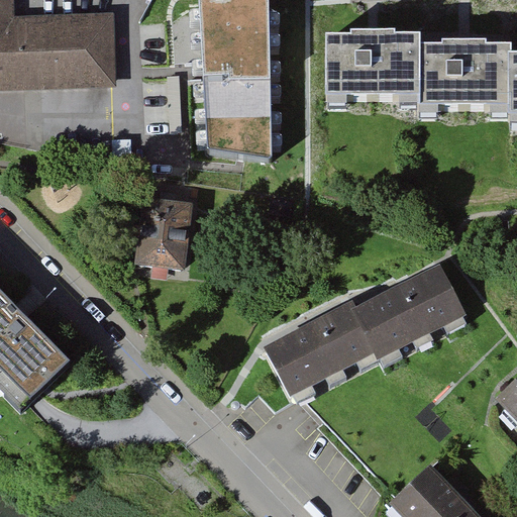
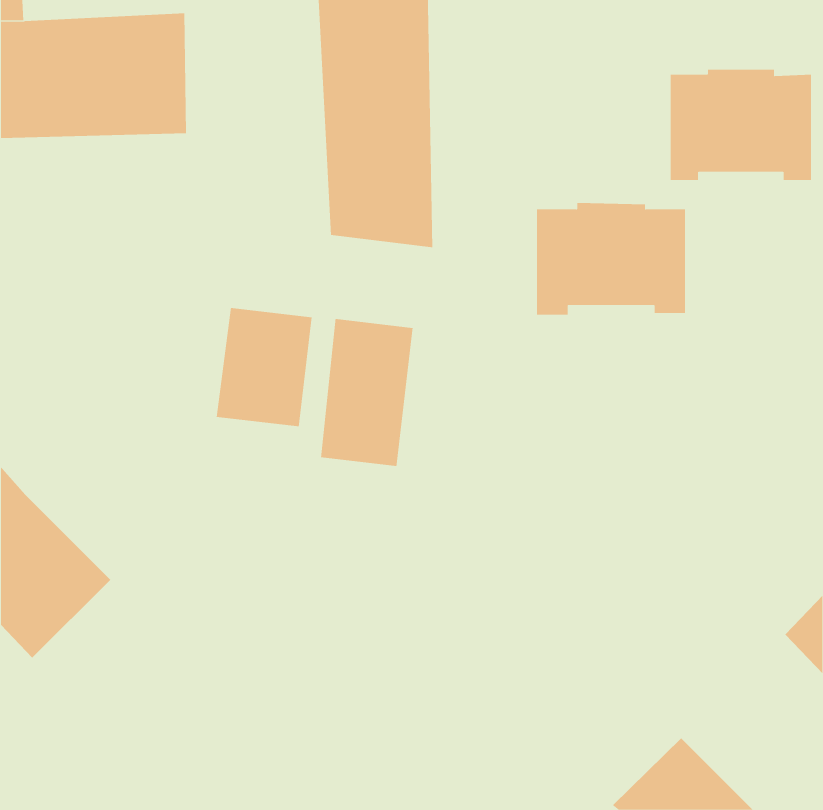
building: [326,33,420,104] -> [536,202,686,315]
building: none -> [320,318,413,467]
building: [256,265,463,403] -> none

